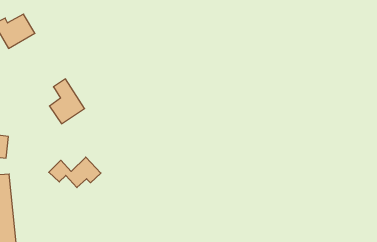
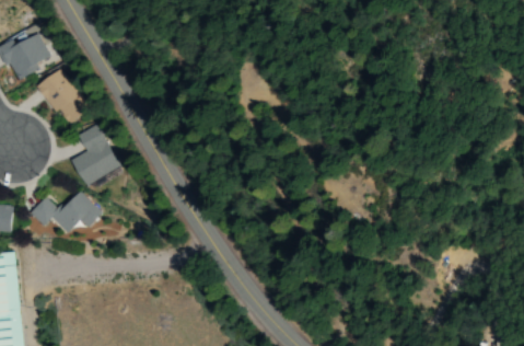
building: none -> [32,69,83,125]
building: [49,157,101,188] -> [28,191,100,232]

